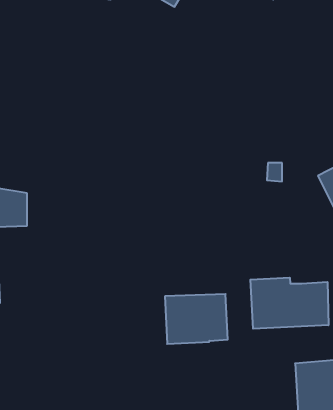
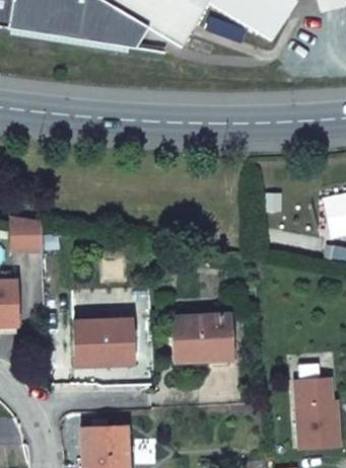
building: [250,278,328,329] -> none
building: none -> [74,319,133,366]

